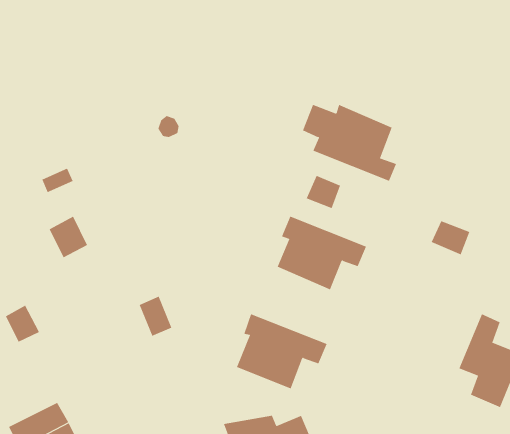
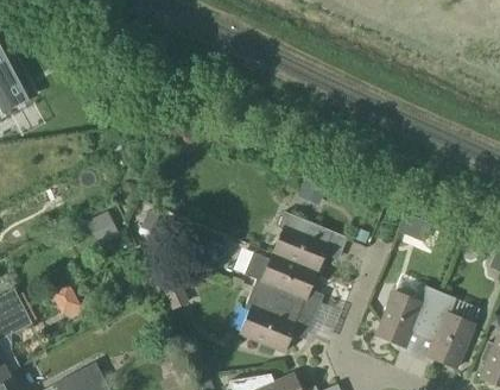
building: [302,104,397,181] -> [243,252,321,315]
building: none -> [376,284,441,345]

